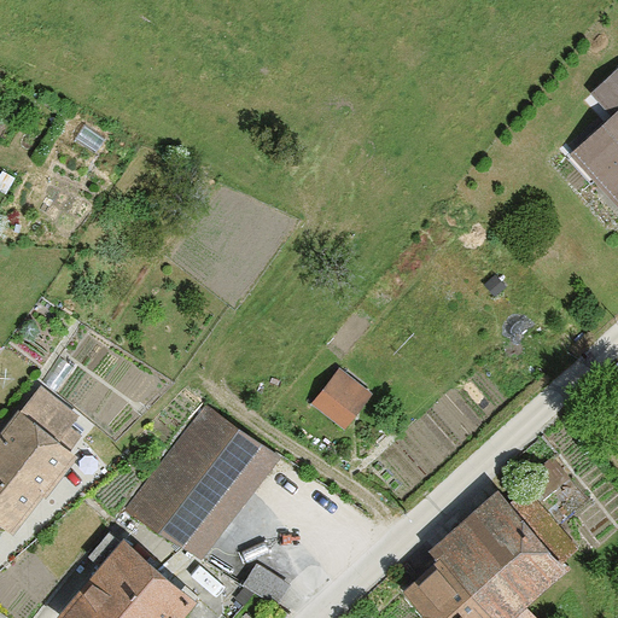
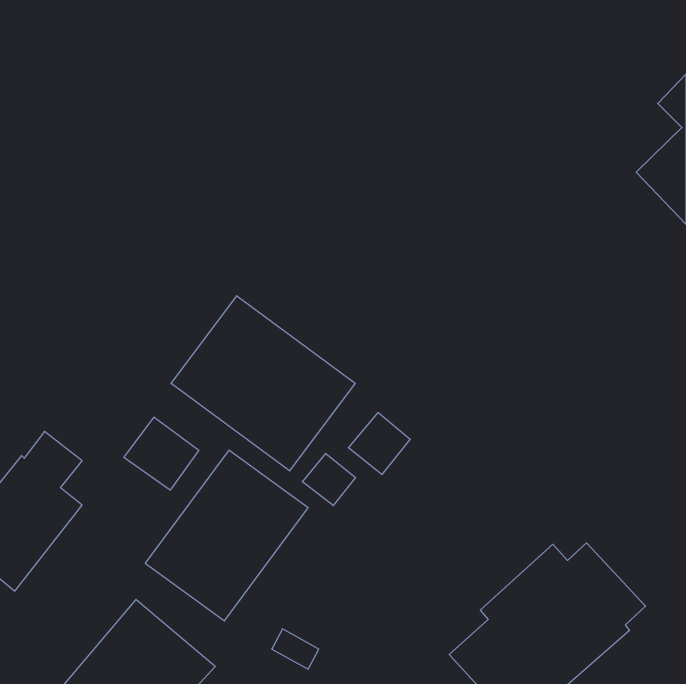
building: none -> [171,296,355,471]
building: none -> [124,417,199,490]
building: none -> [302,453,355,506]

